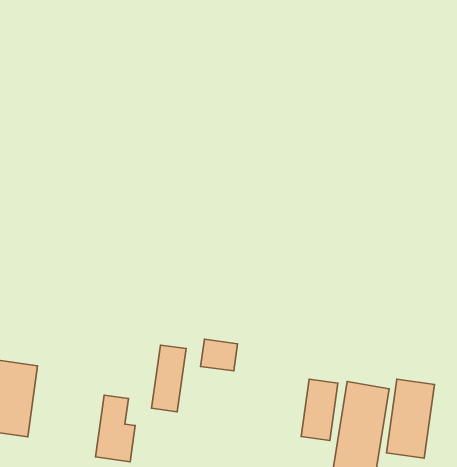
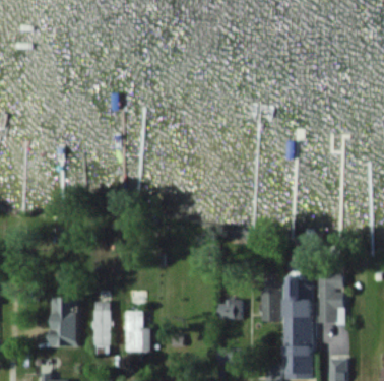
building: [201,339,238,371] -> [217,301,240,319]
building: [152,345,186,412] -> [91,303,109,345]

